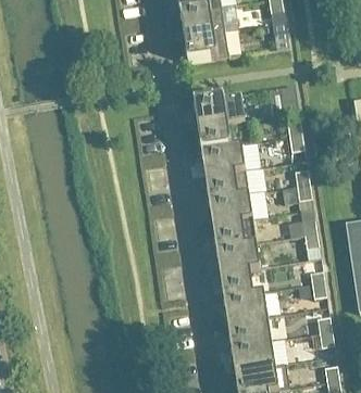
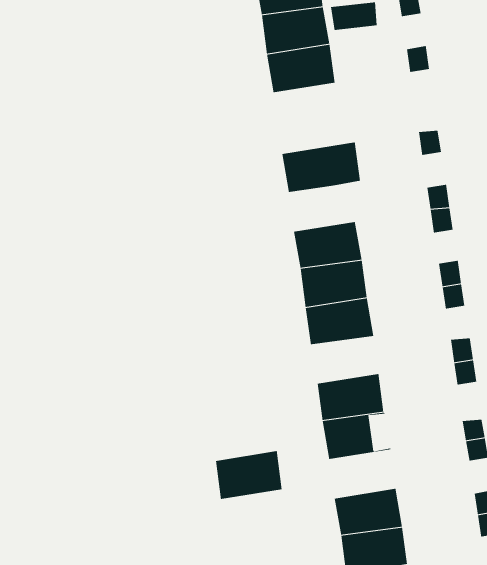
building: [198,122,241,151] -> none
building: [212,218,257,249] -> none
building: [224,291,267,322] -> [215,451,283,500]

